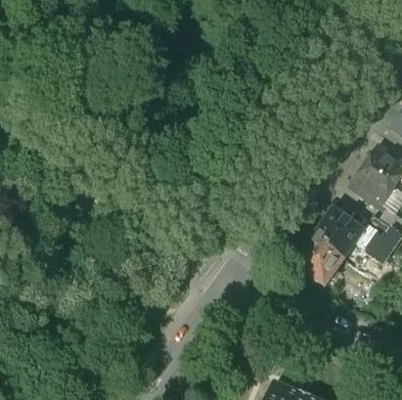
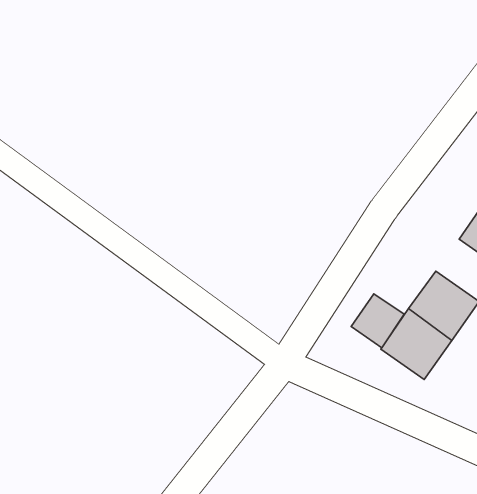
building: none -> [351,294,404,348]

